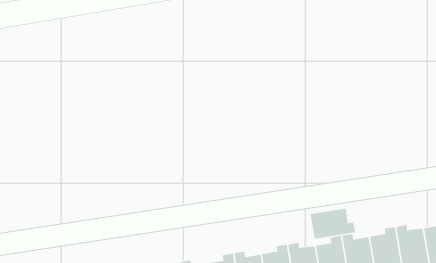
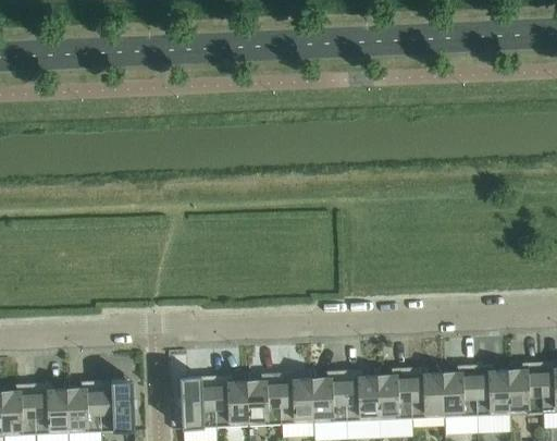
building: [310,208,356,240] -> none

